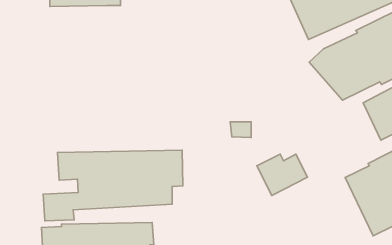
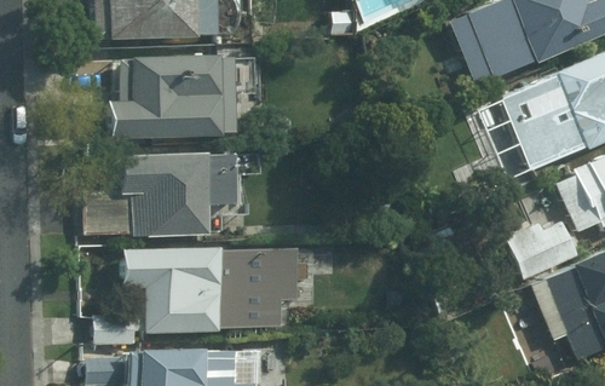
building: none -> [109,58,253,138]
building: none -> [90,154,223,237]
building: [257,154,307,196] -> [507,221,581,282]

